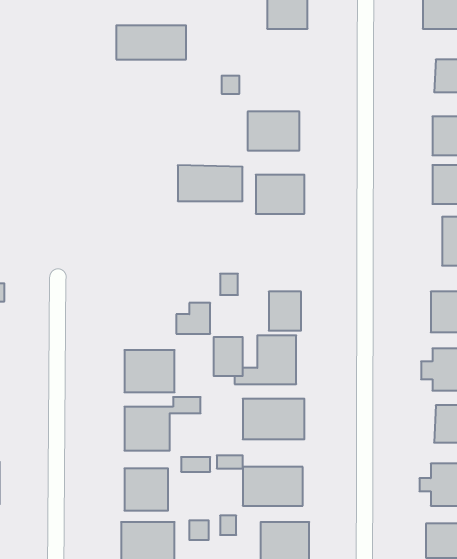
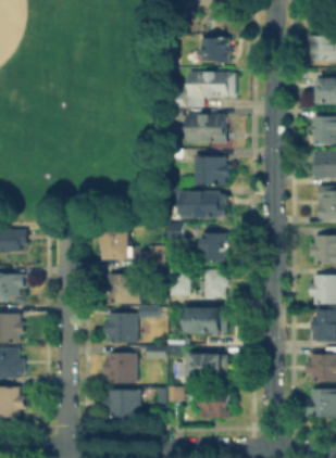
building: [116,25,186,59] -> [190,73,237,96]
building: [178,165,243,201] -> [183,193,226,217]
building: none -> [105,229,132,258]

